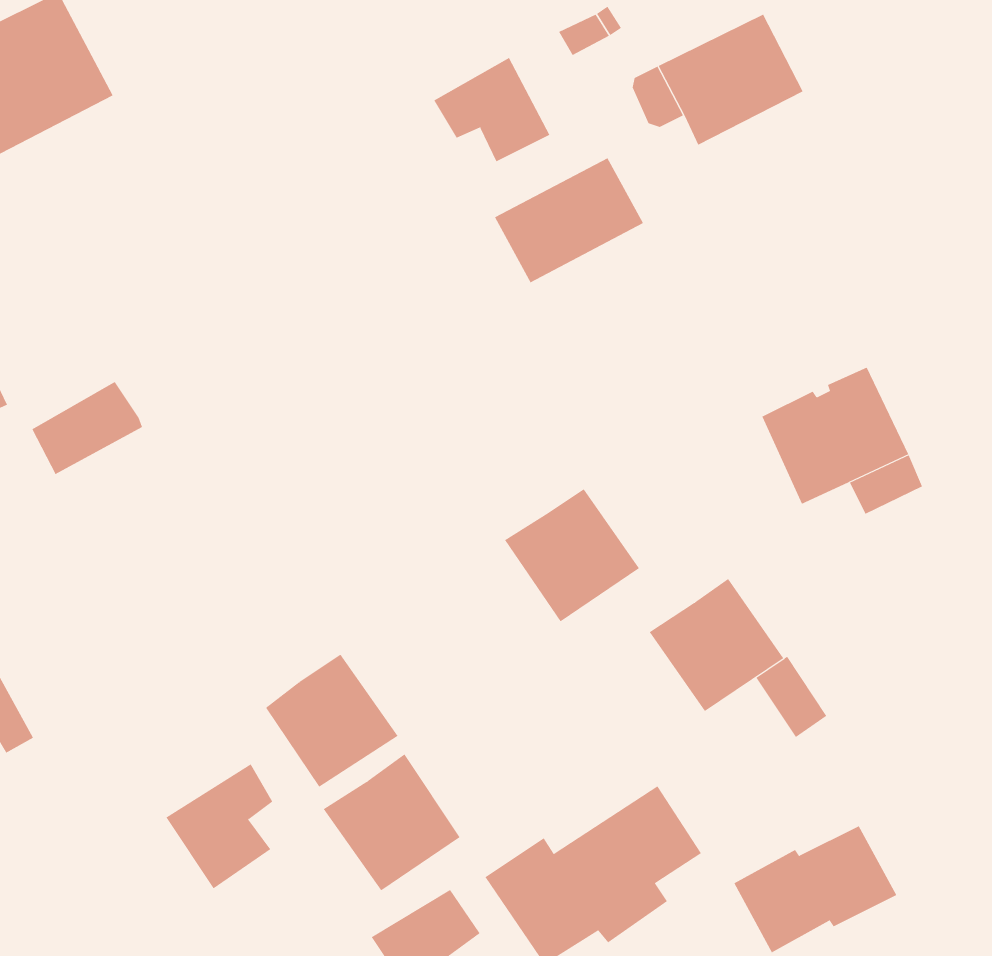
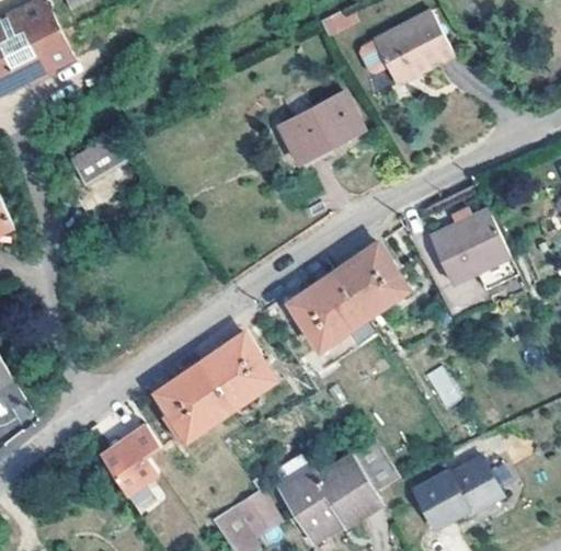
building: [434,57,550,162] -> none
building: [31,381,143,475] -> [71,133,133,184]
building: [649,578,784,712] -> [331,244,405,318]
building: [323,753,461,891] -> [197,334,273,410]

